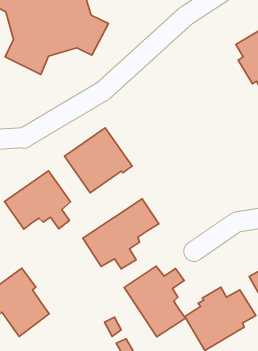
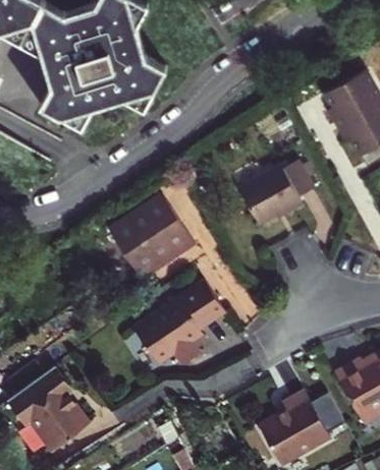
building: none -> [242,161,319,227]
building: [5,171,71,229] -> none
building: [124,266,186,337] -> none

